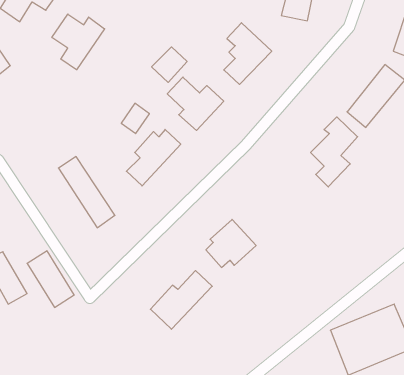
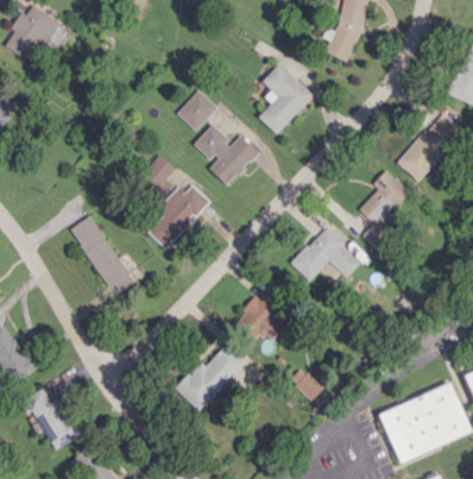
building: [52,14,105,70] -> none
building: none -> [291,226,359,281]
building: [27,251,74,307] -> [24,386,77,450]
building: none -> [289,368,323,401]

